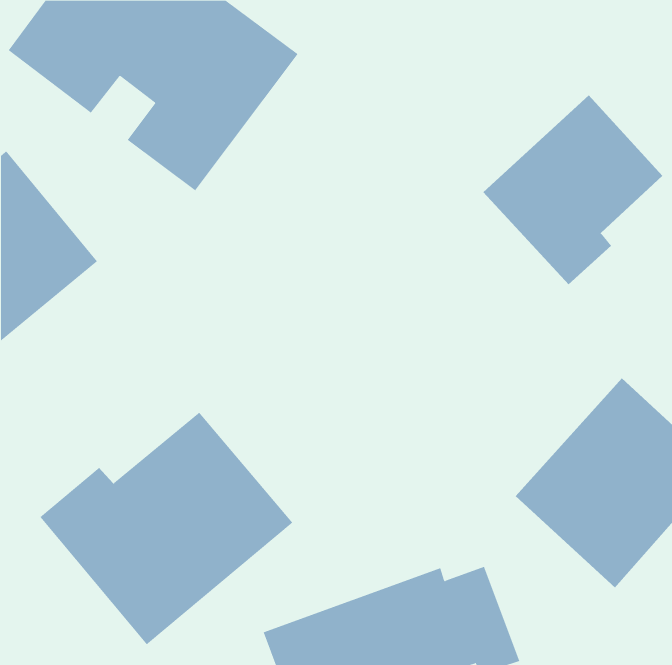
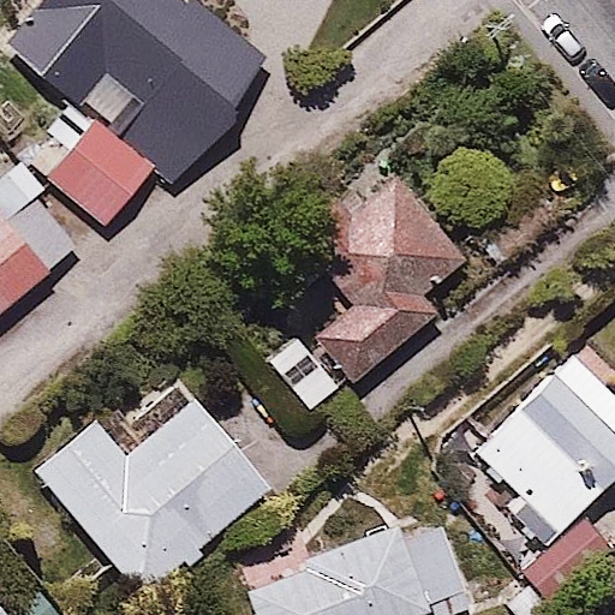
building: [482,94,663,285] -> none
building: none -> [43,124,151,229]
building: none -> [286,156,466,384]

